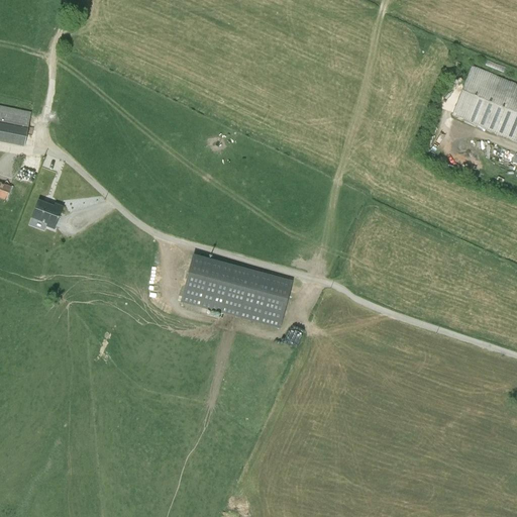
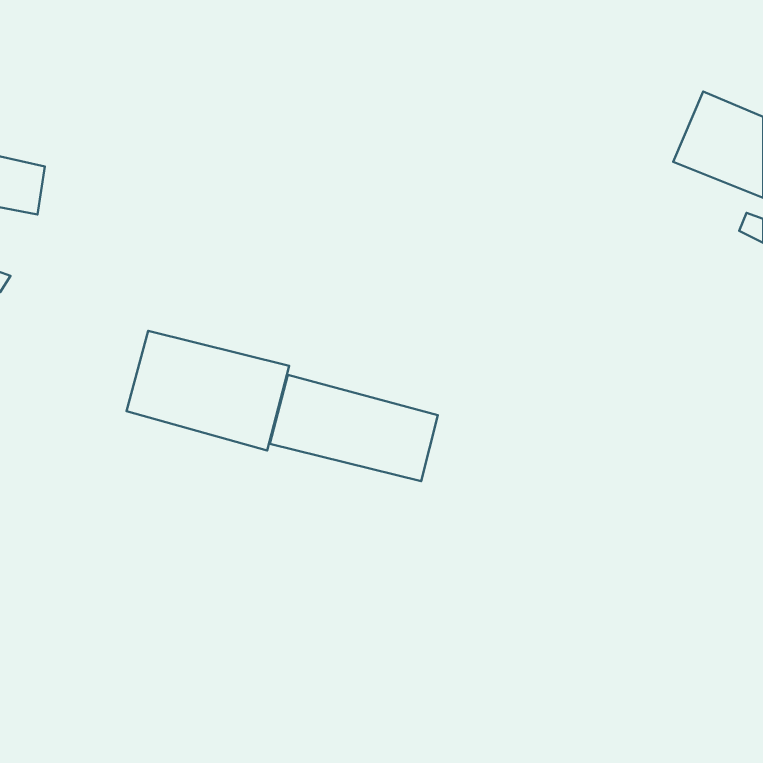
building: [29,201,62,230] -> none
building: none -> [127,331,289,450]

